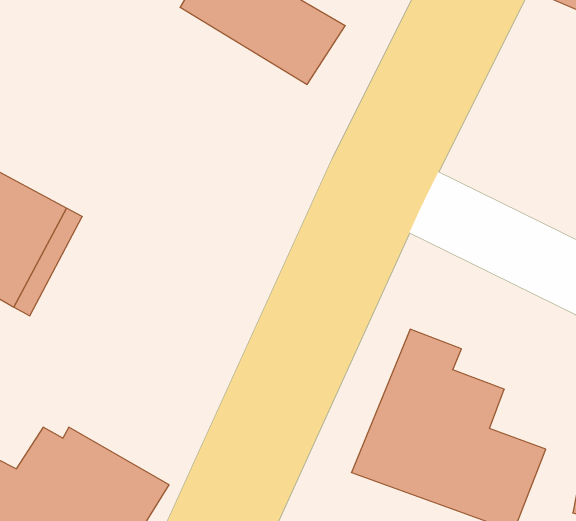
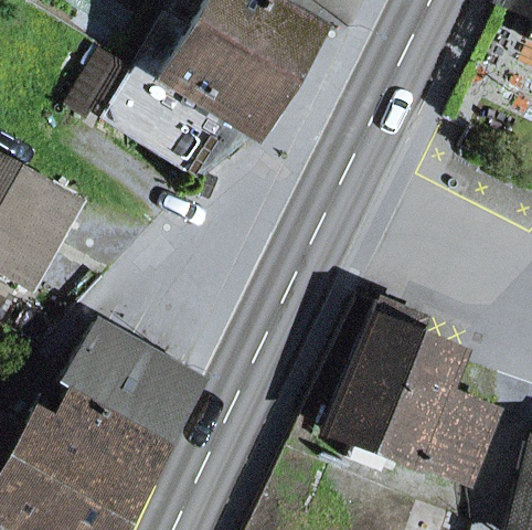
building: none -> [110,11,287,176]
building: none -> [65,320,200,442]

